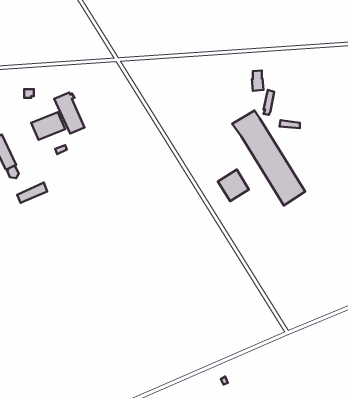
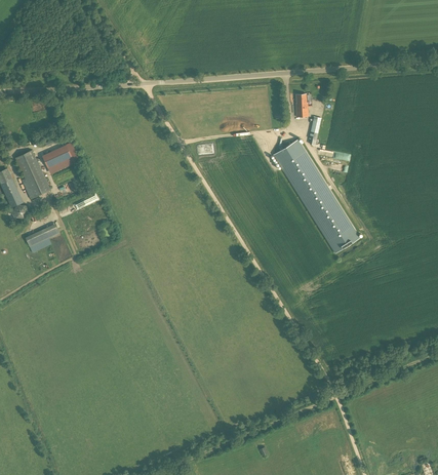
building: [54,93,84,134] -> [15,151,50,198]
building: [218,170,249,201] -> none

